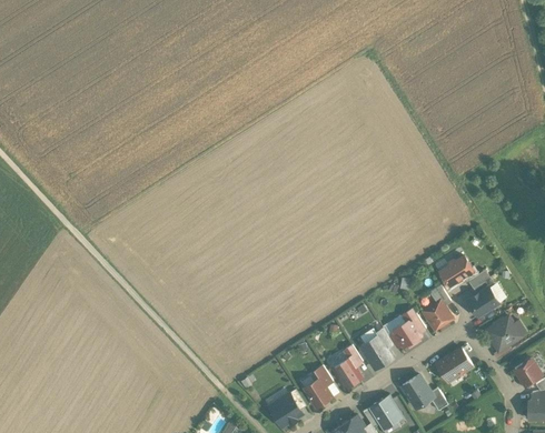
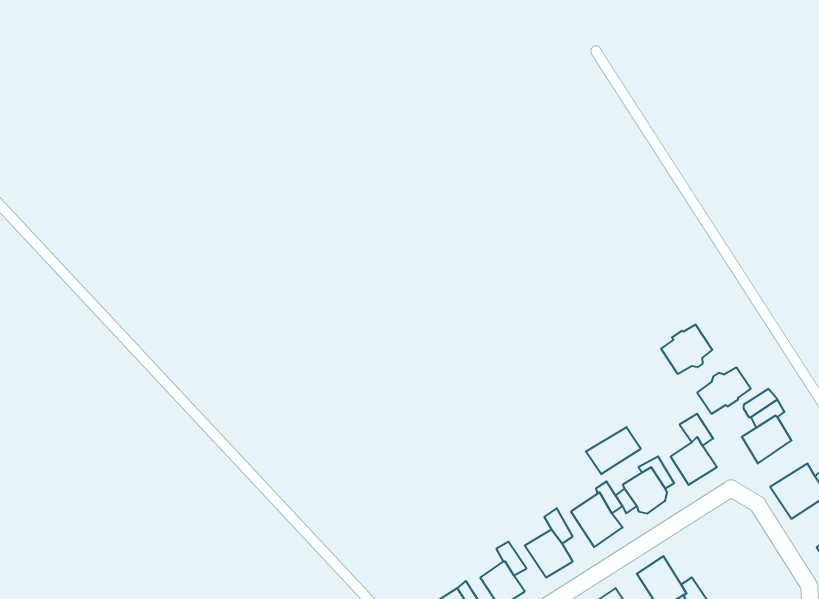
building: none -> [661,324,712,374]
building: none -> [586,427,640,474]
building: [435,348,472,382] -> none

